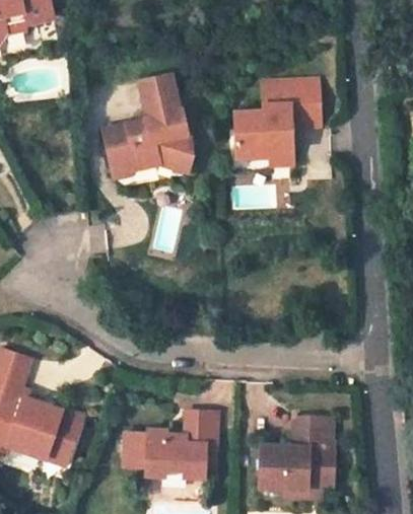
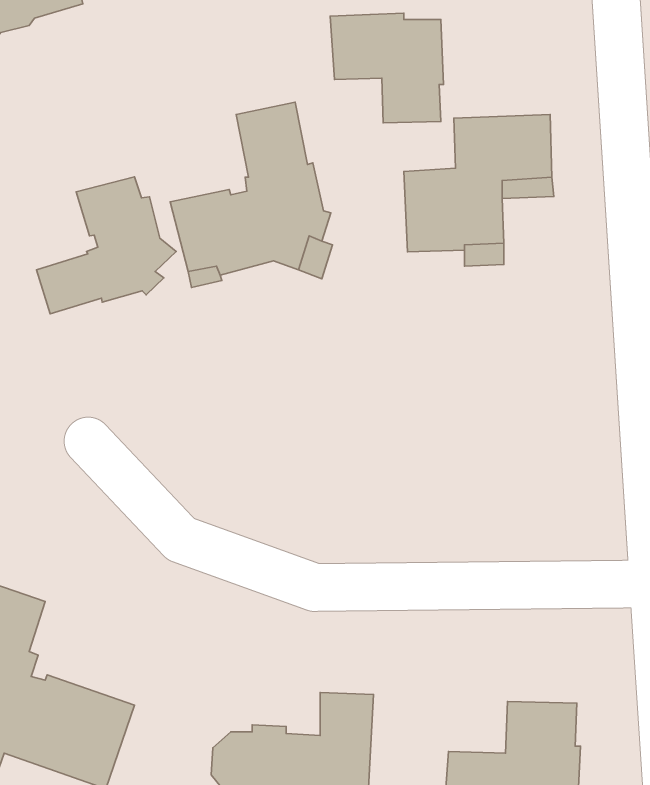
building: none -> [330,13,444,123]
building: none -> [37,177,176,314]

